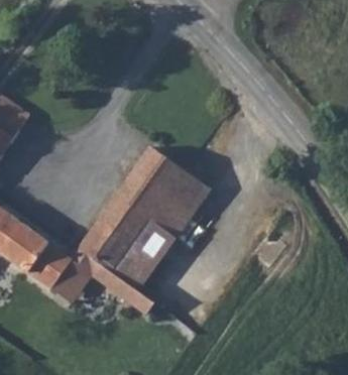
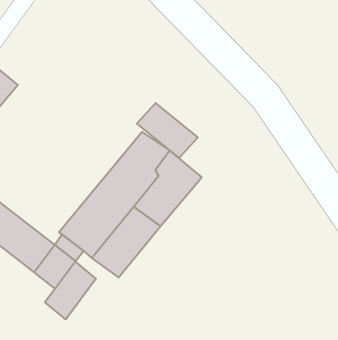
building: none -> [137,103,198,158]
building: none -> [45,262,96,319]

